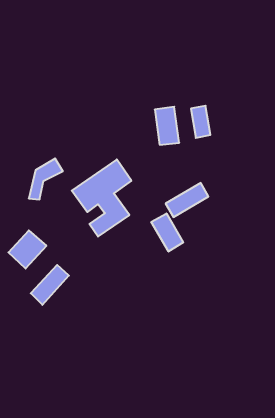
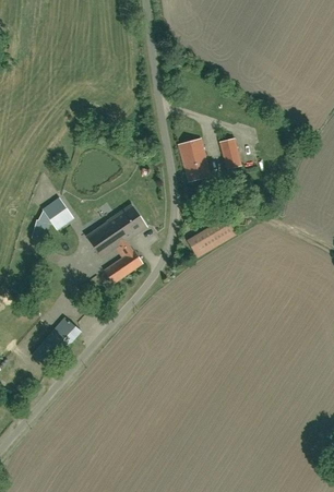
building: [151,213,183,252] -> none
building: [8,230,46,269] -> none

